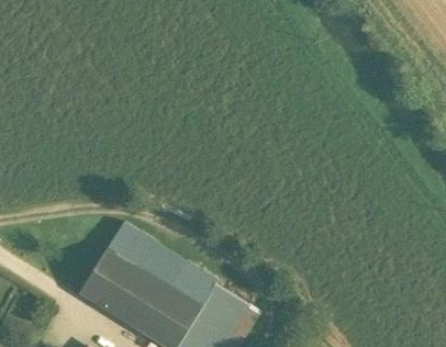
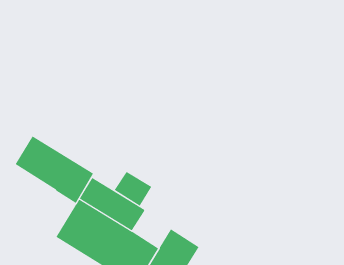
building: none -> [15,136,94,204]
building: [171,265,216,306] -> [114,171,152,207]

